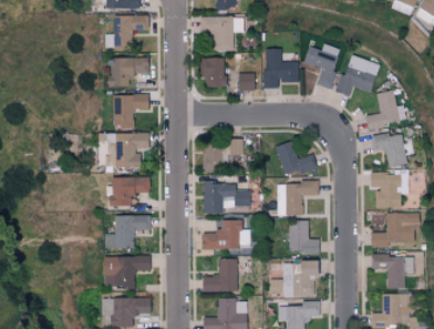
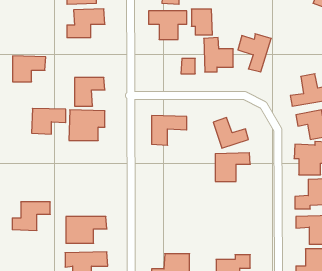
building: [339,55,380,96] -> none
building: [111,58,149,88] -> [13,56,46,82]
building: [202,58,226,88] -> [191,9,212,35]
building: [111,177,151,207] -> [32,108,66,134]
building: [204,184,250,215] -> none
building: [106,216,151,249] -> [12,202,50,230]
building: [203,220,251,249] -> none
building: [289,222,319,254] -> none
building: [203,259,237,292] -> none
building: [270,261,318,296] -> none

